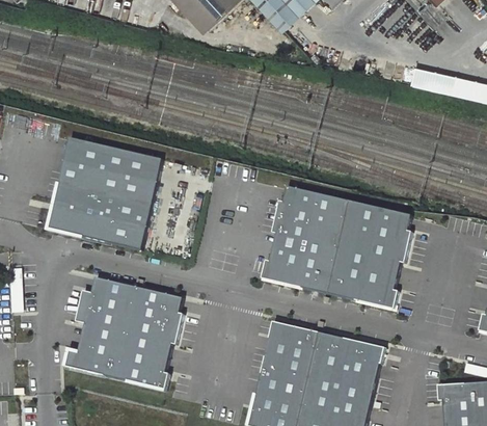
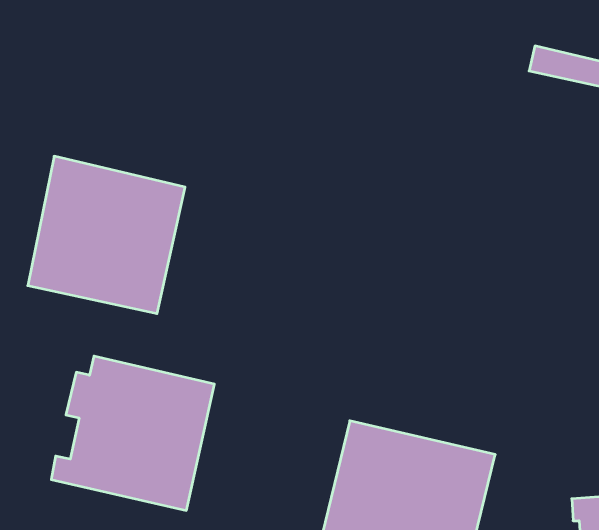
building: [263,185,407,307] -> none

